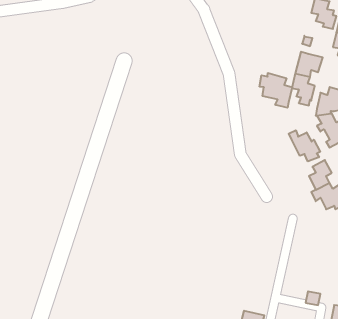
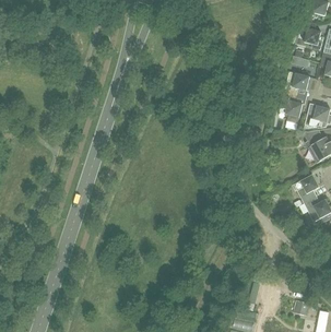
building: [260,73,292,108] -> none
building: [289,130,320,161] -> none

